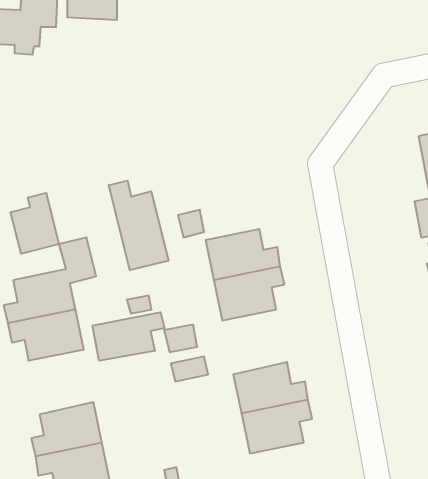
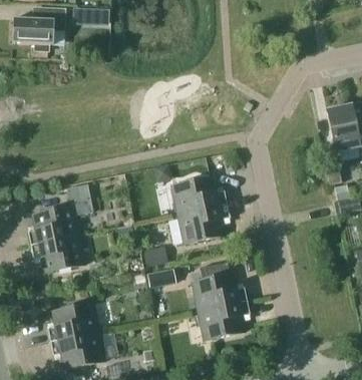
building: [109,181,169,270] -> none
building: [11,193,59,254] -> none
building: [93,312,165,361] -> none

